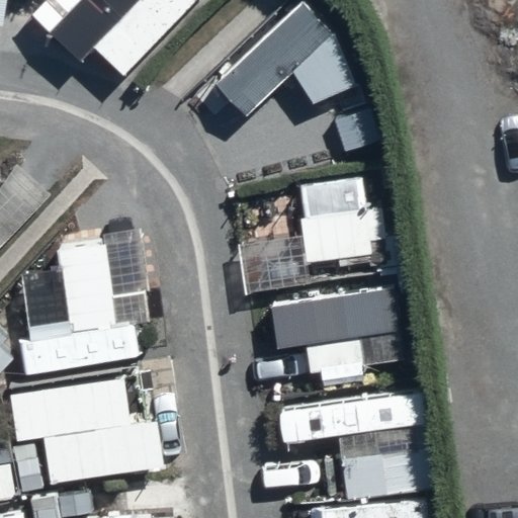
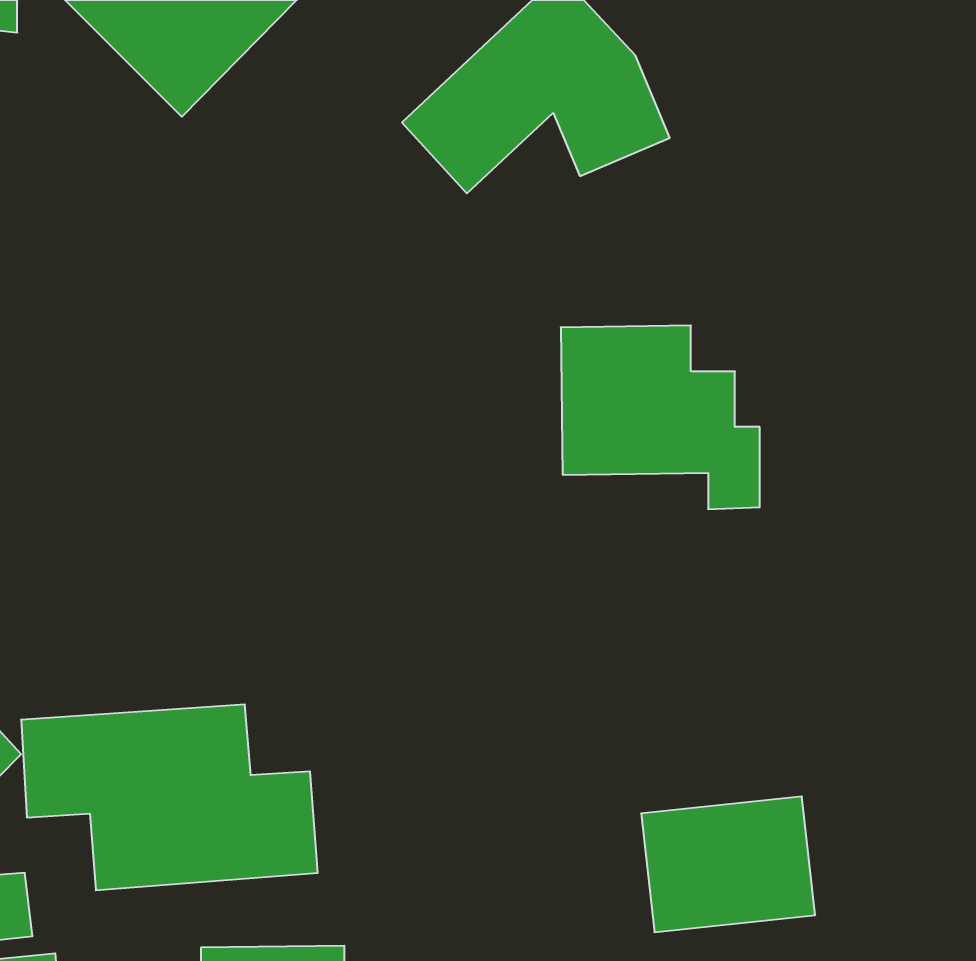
building: [18,233,143,377] -> none
building: [273,292,401,377] -> none

